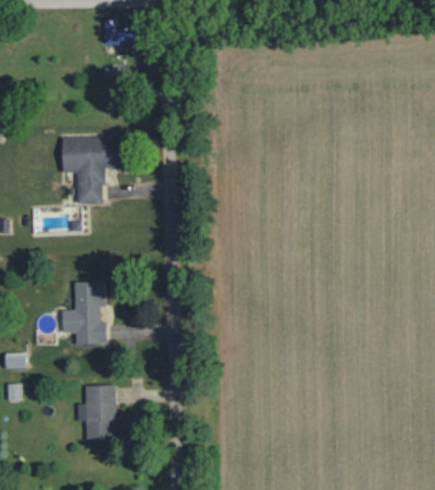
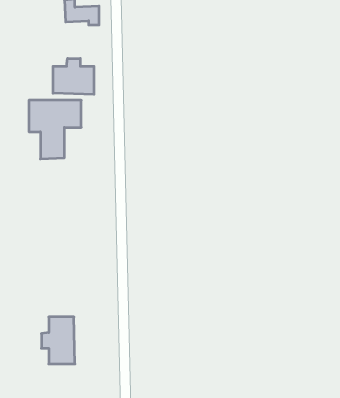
building: none -> [53,58,94,94]
building: [61,281,106,344] -> none

